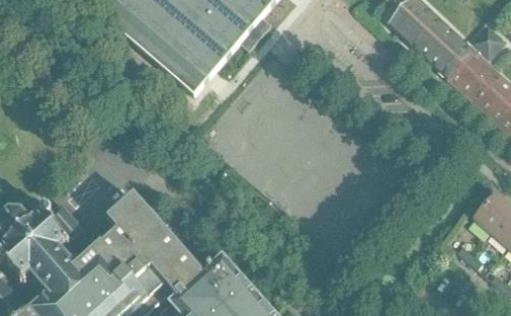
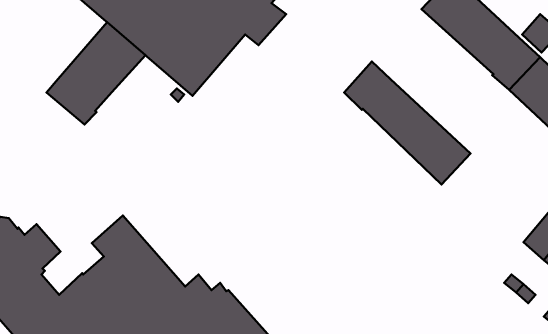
building: none -> [47,22,146,124]
building: none -> [344,61,470,184]

